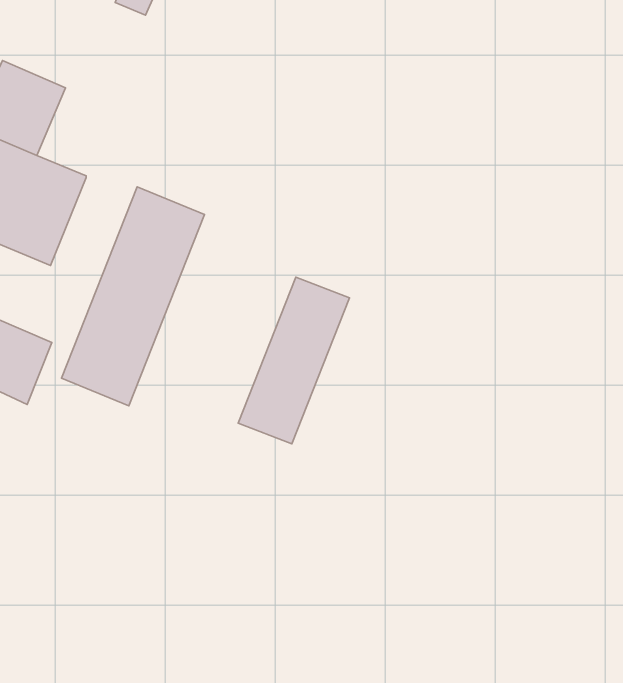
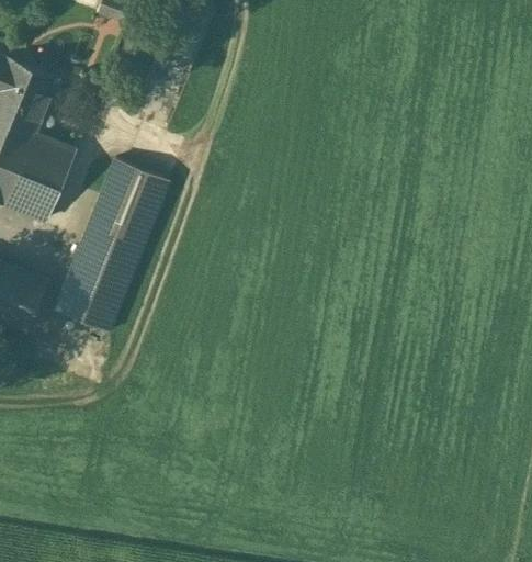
building: [238,277,350,444] -> none

